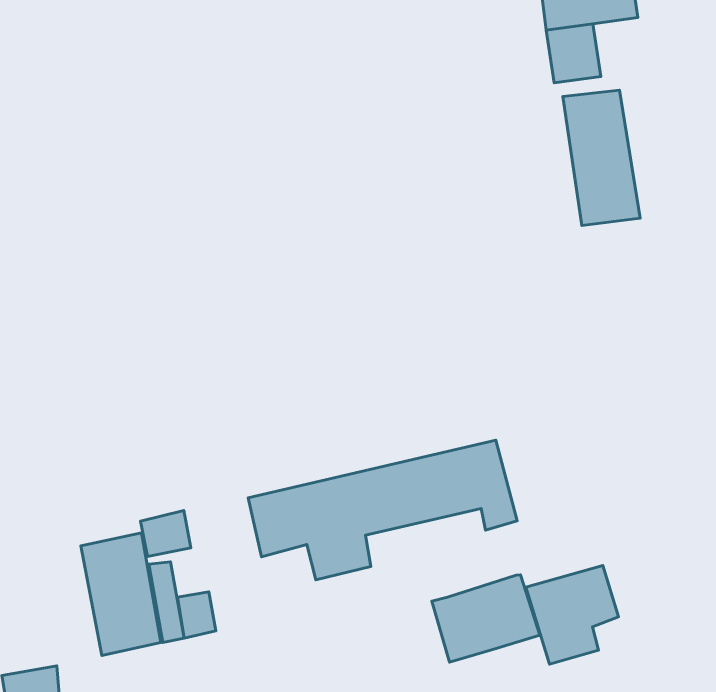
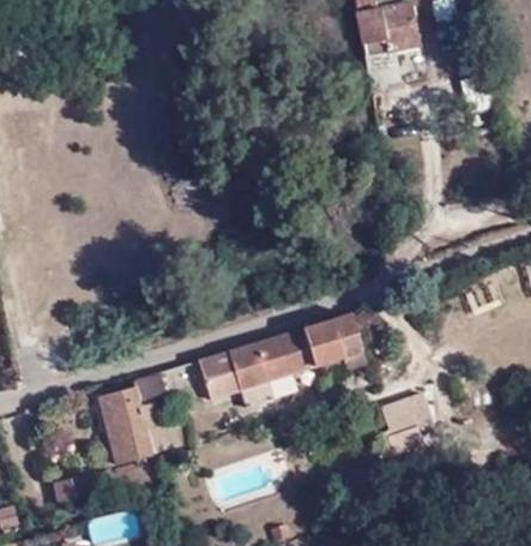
building: [563,90,640,225] -> none
building: [432,575,540,662] -> none

